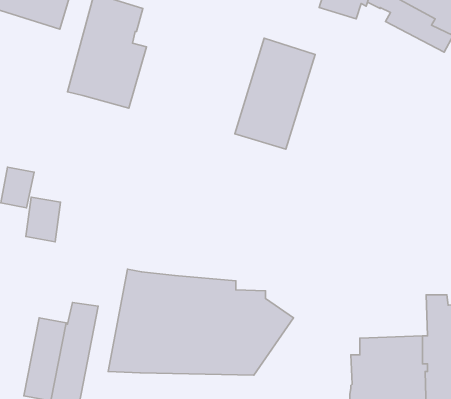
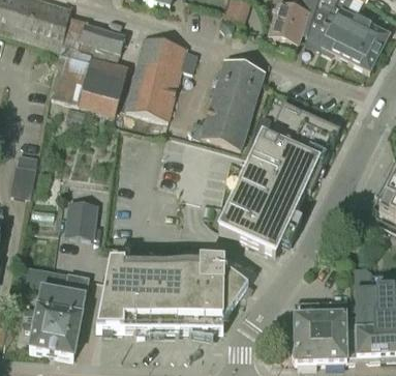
building: none -> [124,34,197,119]
building: none -> [218,104,339,257]
building: [26,197,60,242] -> [67,201,95,237]

